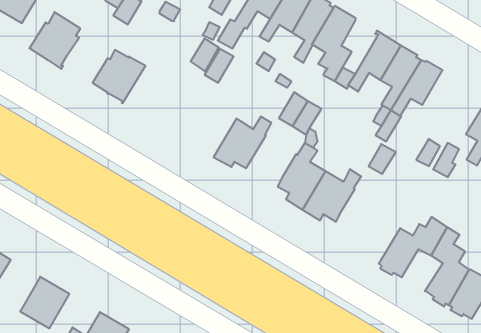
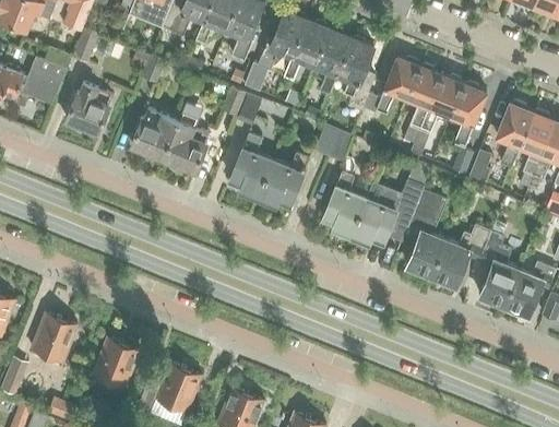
building: none -> [162,121,205,171]
building: none -> [449,82,486,145]
building: none -> [228,134,273,199]
building: none -> [405,191,445,278]

